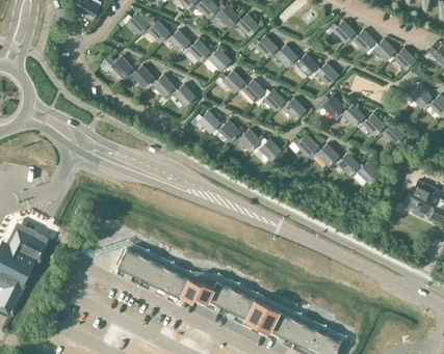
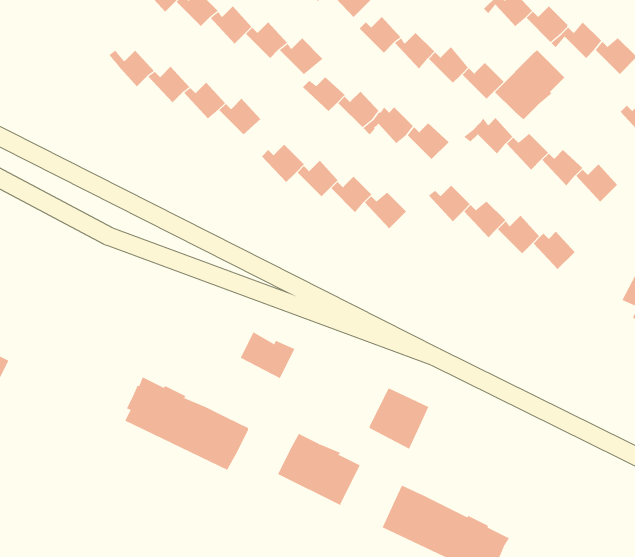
building: none -> [494,49,565,120]
building: [181,276,213,304] -> [240,331,295,379]
building: [242,298,278,334] -> [369,387,429,450]

